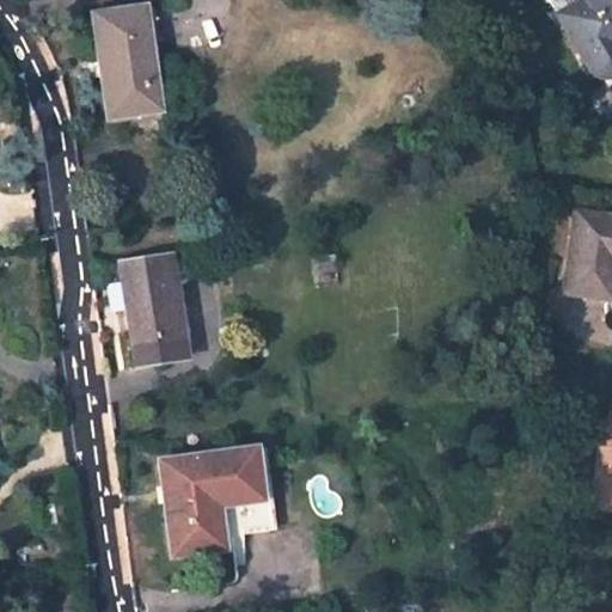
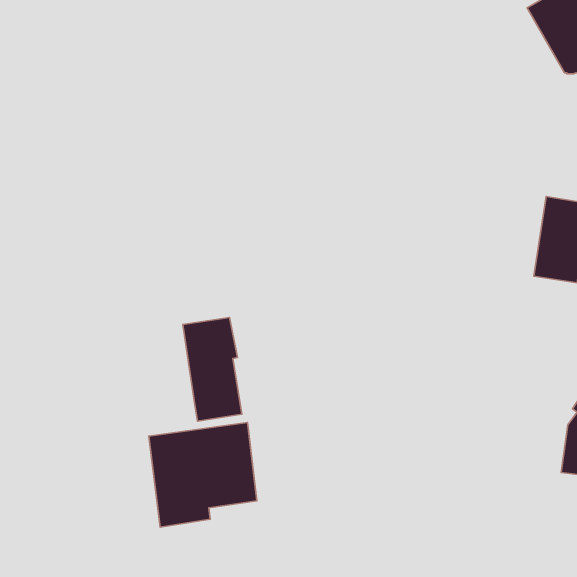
building: [94,5,158,114] -> none
building: [121,253,183,362] -> [183,318,242,421]

